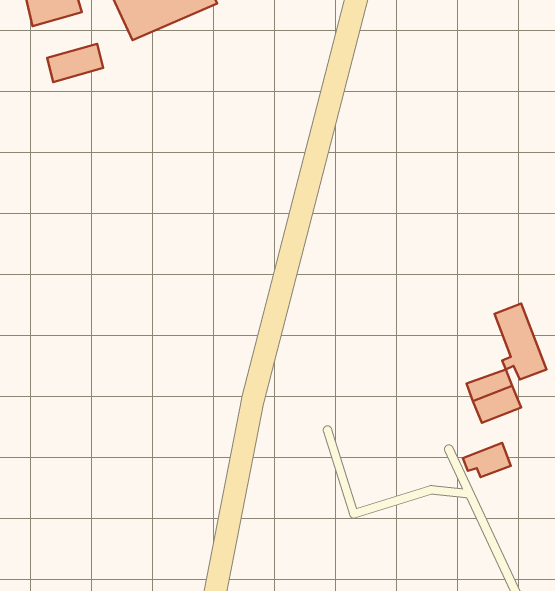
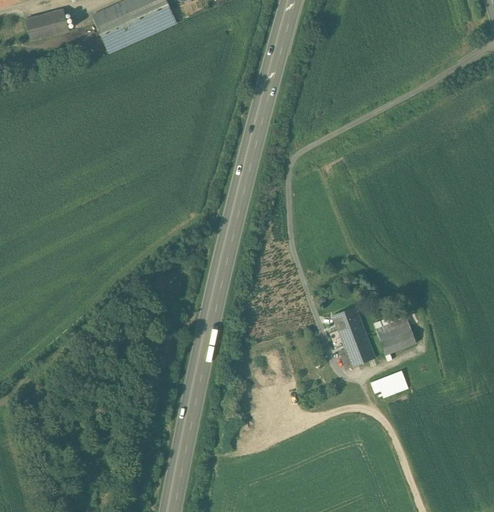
building: [47,44,103,82] -> none
building: [495,304,546,380] -> [333,306,374,366]

